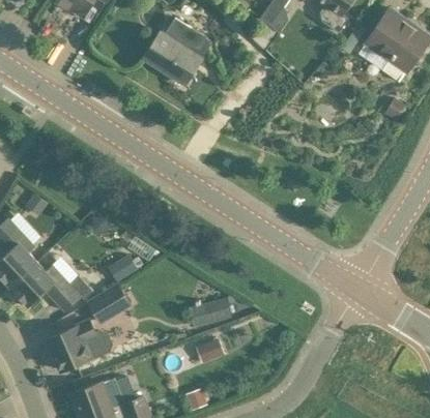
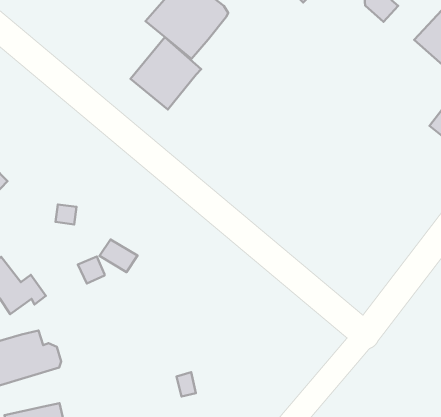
building: none -> [130,37,201,109]
building: [89,285,131,322] -> none
building: [203,297,232,324] -> none

